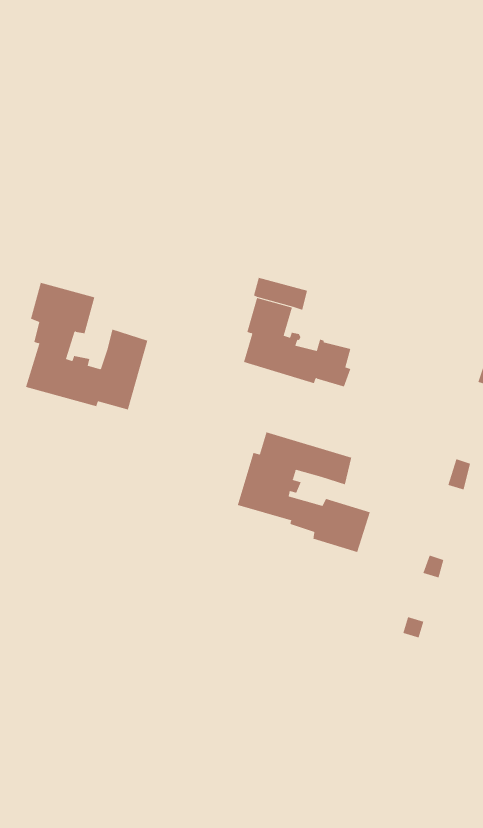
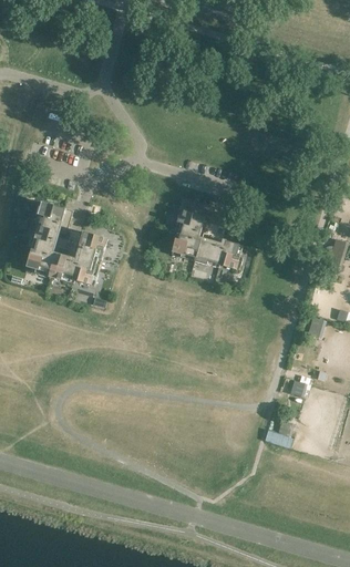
building: [237,431,370,553] -> none

